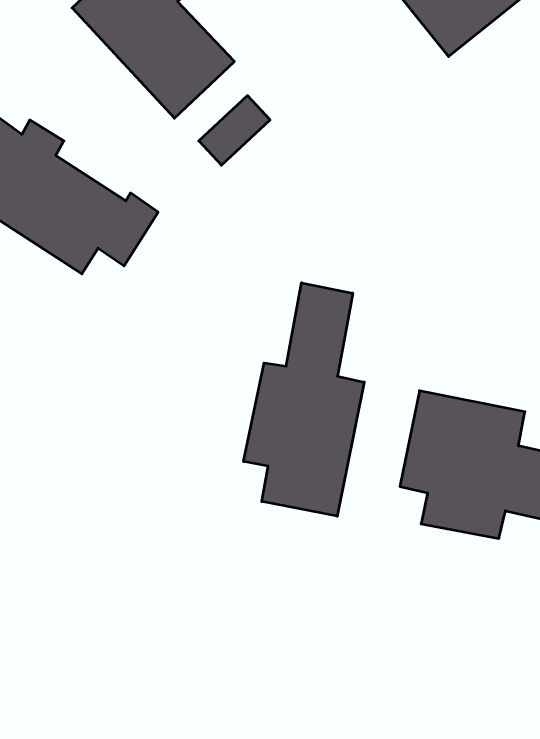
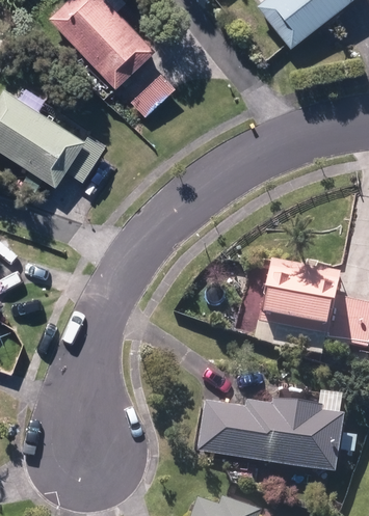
building: [244,283,364,516] -> none
building: none -> [196,389,344,473]

